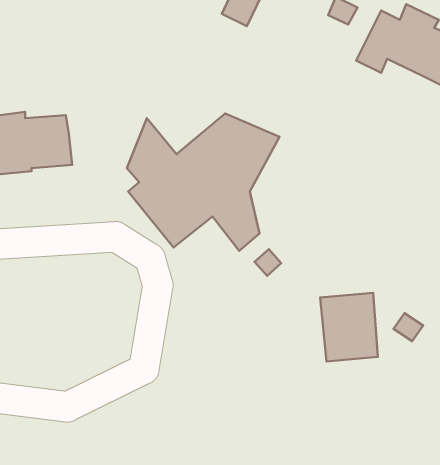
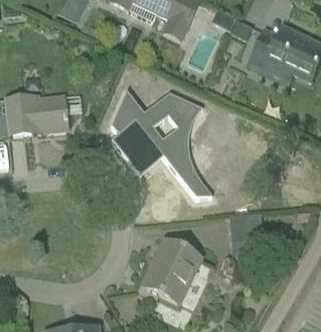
building: none -> [149,240,201,302]

